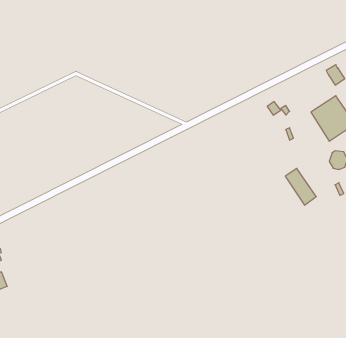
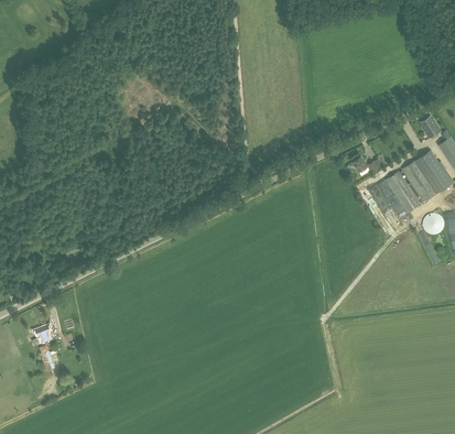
building: [285,168,316,205] -> [384,171,420,213]

